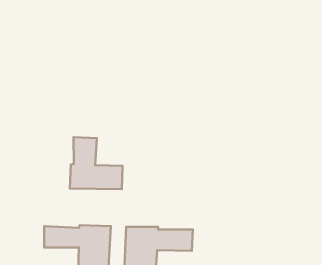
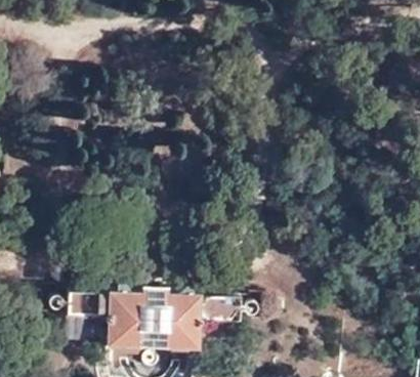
building: [70,137,122,189] -> none

